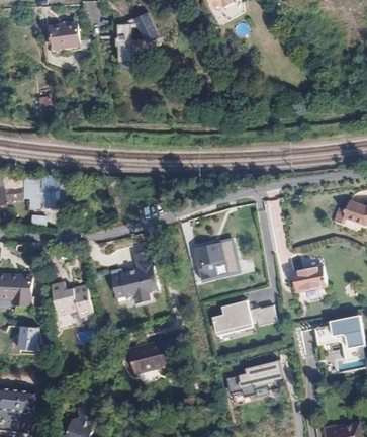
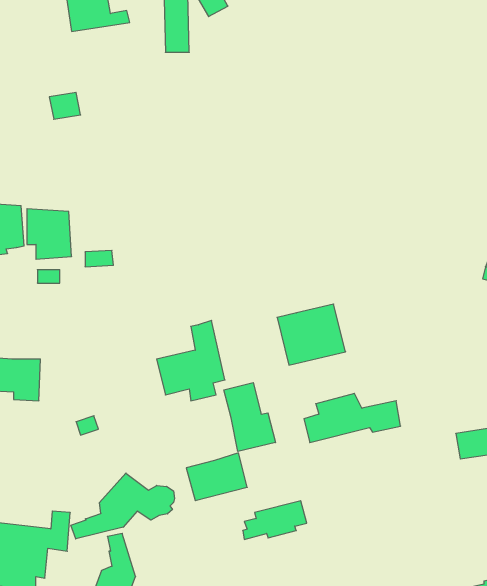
building: [291,266,326,292] -> none
building: [51,282,94,318] -> none
building: none -> [224,383,275,451]
building: [17,326,38,350] -> none
building: none -> [71,473,175,539]
building: [237,362,280,388] -> [243,501,307,539]

